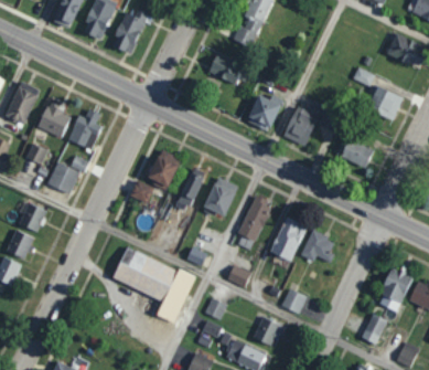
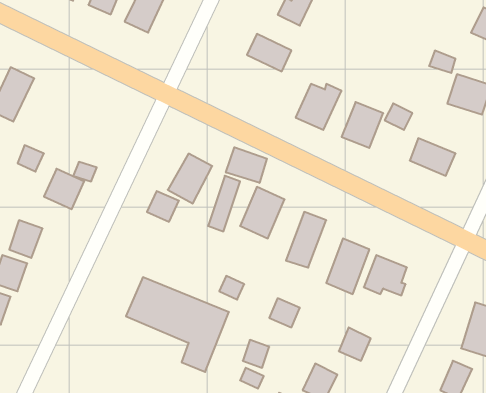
building: [39,101,69,136] -> none
building: [68,108,101,149] -> none
building: none -> [226,147,267,183]

